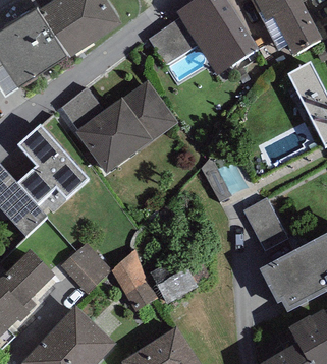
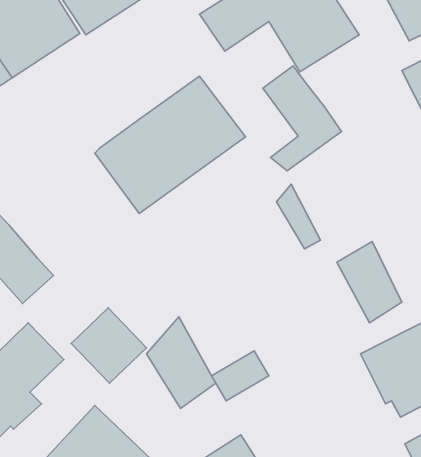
building: none -> [263,66,342,171]
building: [60,87,105,131] -> none
building: [16,128,88,206] -> none

